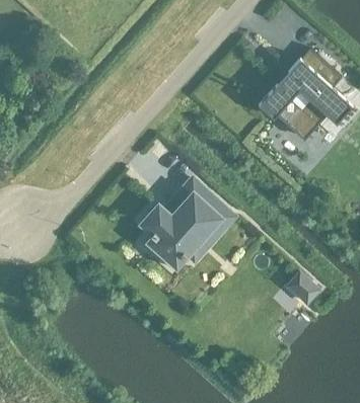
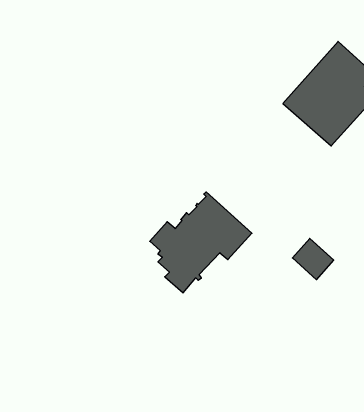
building: [286,267,322,304] -> [292,238,334,280]

